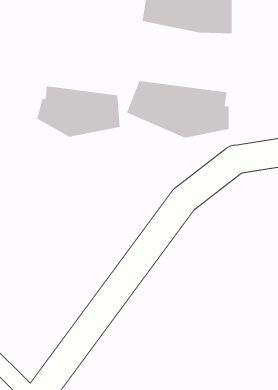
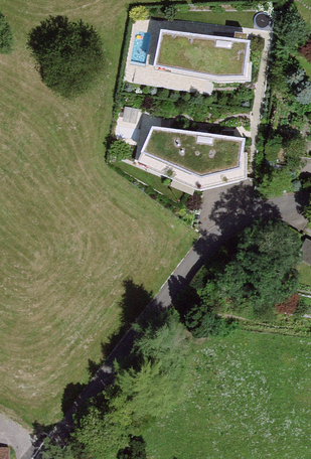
building: [37,86,120,138] -> none

